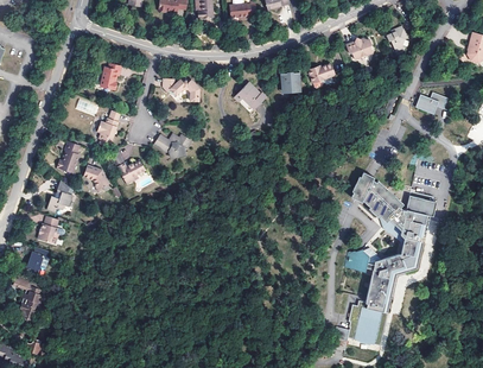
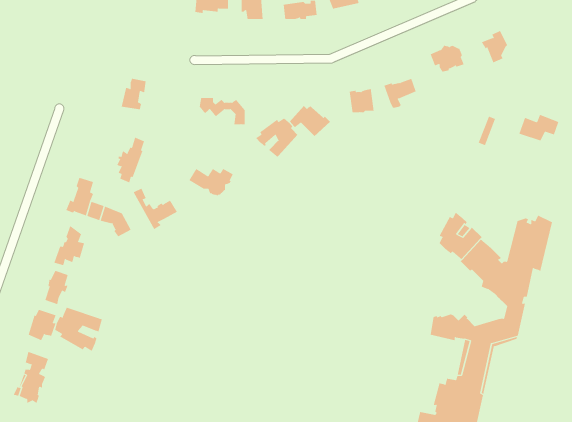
building: none -> [255,118,298,158]
building: none -> [54,307,103,352]

